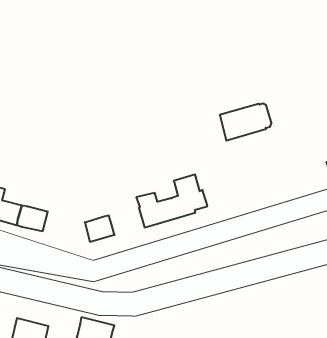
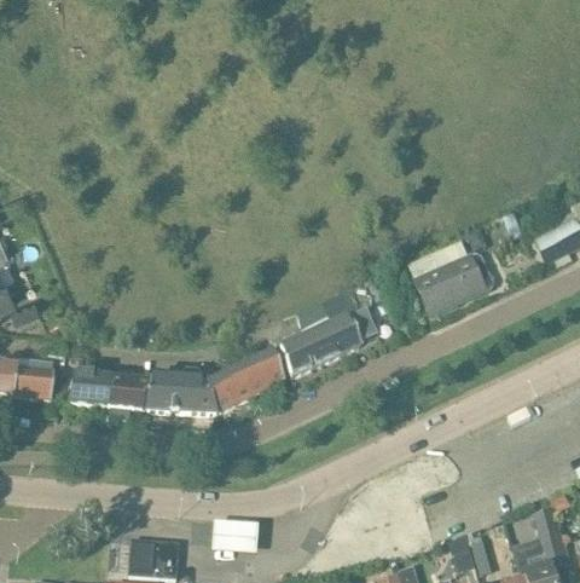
building: [220,104,272,141] -> [414,254,491,316]
building: none -> [236,351,282,394]
building: none -> [145,370,215,410]

